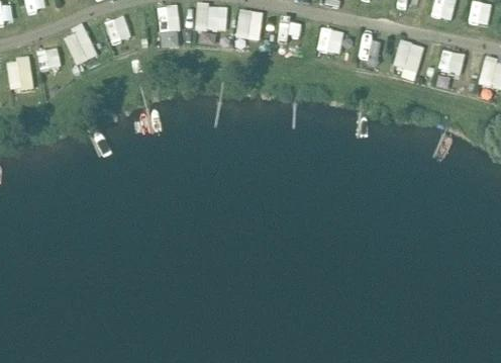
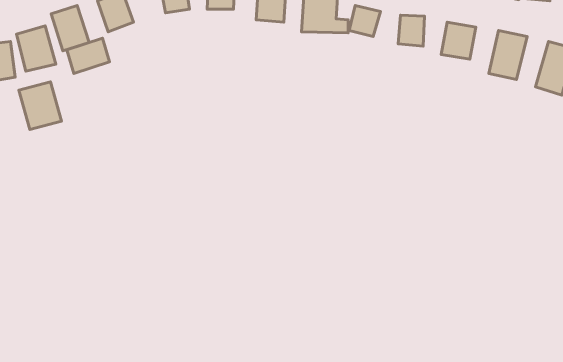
building: none -> [67,38,110,73]
building: none -> [19,82,62,129]

